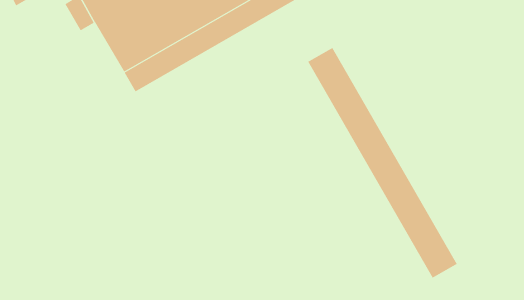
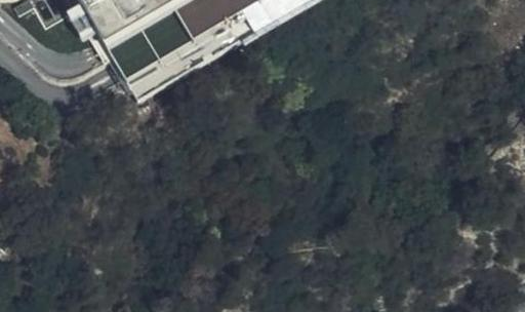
building: [307,47,458,278] -> none

